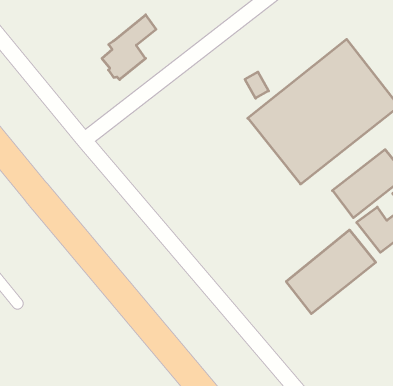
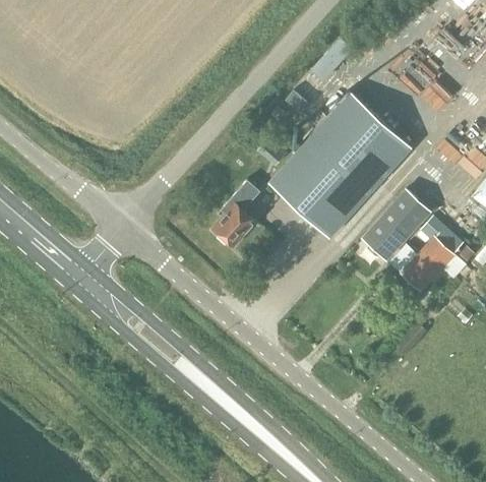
building: [102,15,156,80] -> [212,180,259,246]
building: [286,230,376,314] -> none

